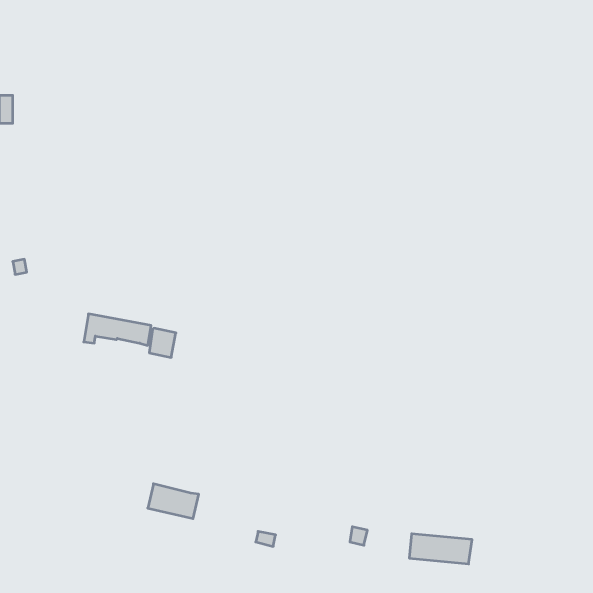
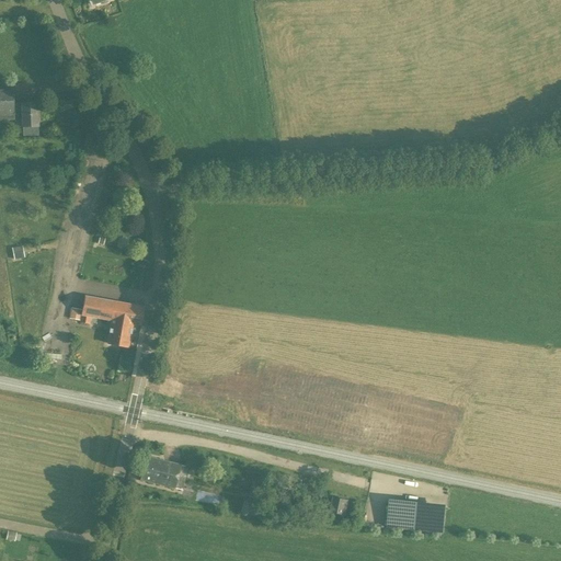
building: none -> [12,103,37,135]
building: [149,328,176,357] -> [106,319,131,346]

